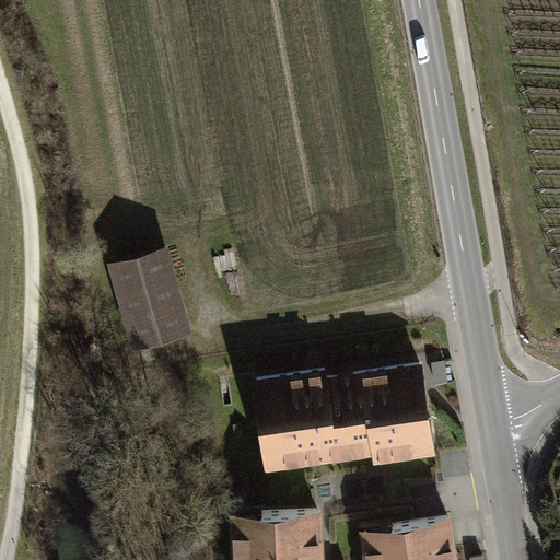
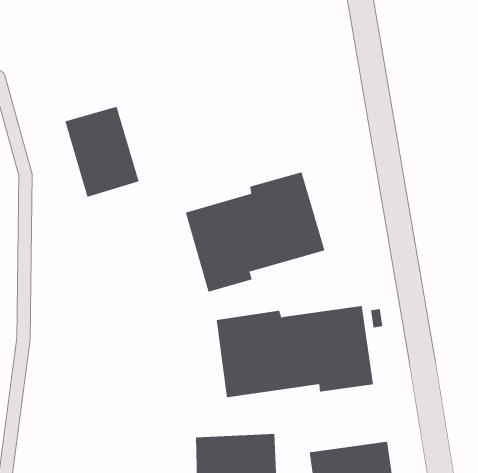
building: none -> [185,172,325,293]
building: [105,248,192,354] -> [64,106,140,197]

